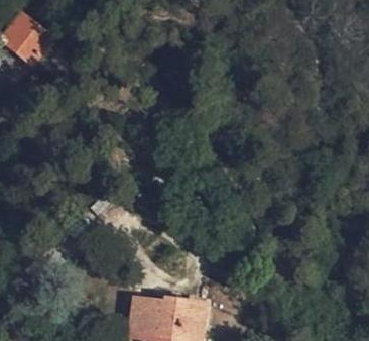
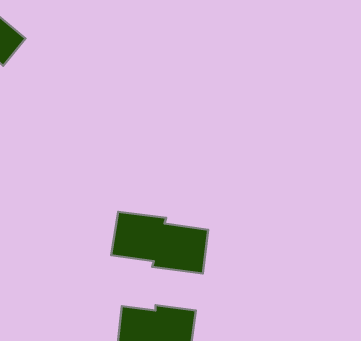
building: none -> [111,212,208,273]

